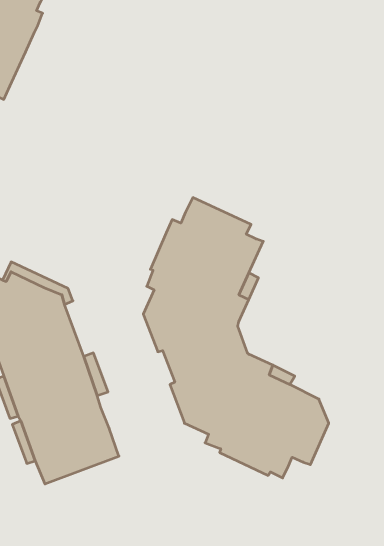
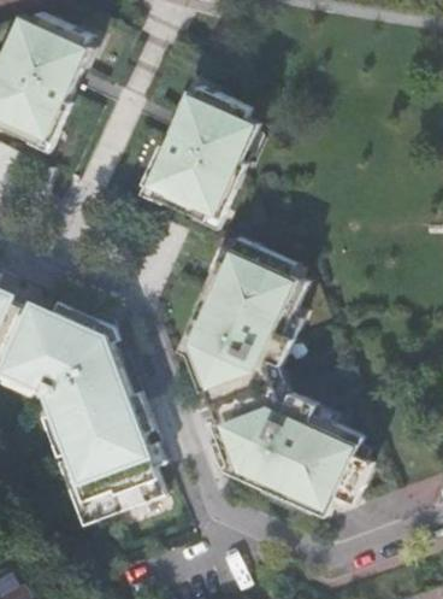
building: none -> [147,83,256,219]

